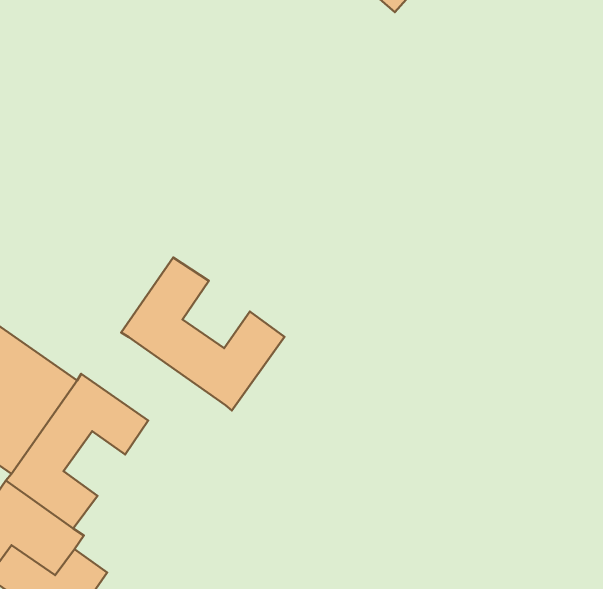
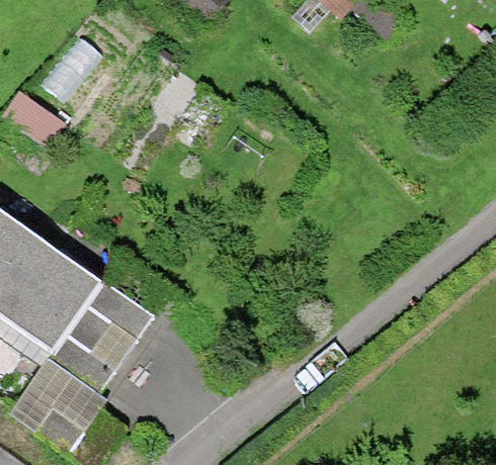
building: [121,258,284,410] -> none

